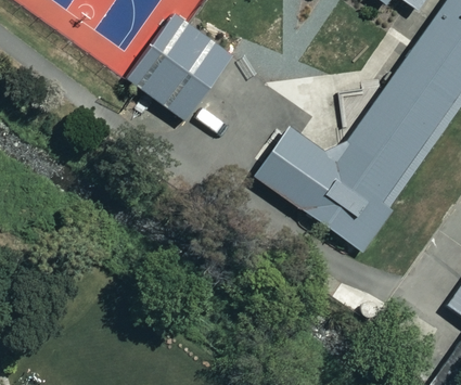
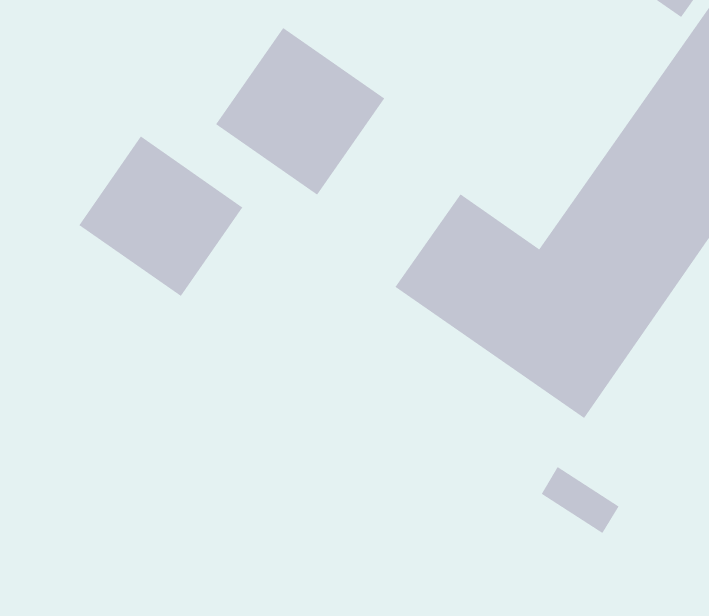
building: none -> [78,136,243,297]

